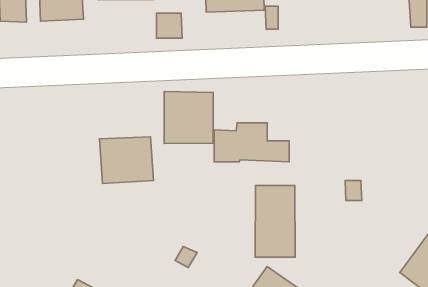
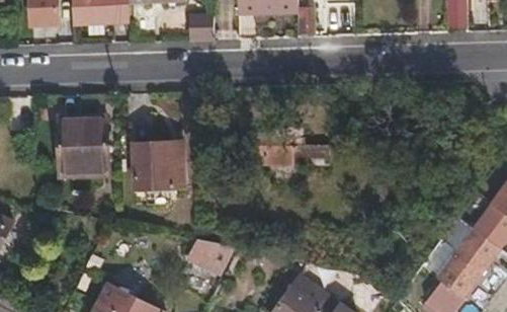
building: [164,92,213,143] -> none
building: none -> [57,119,107,171]
building: [255,186,295,257] -> none

